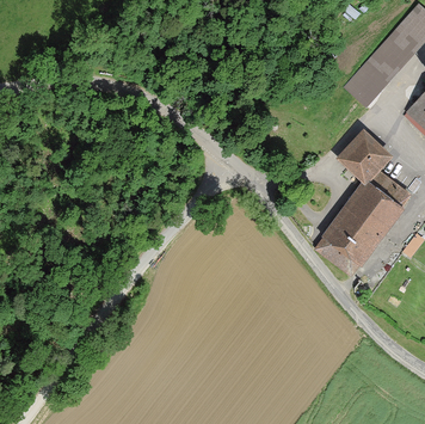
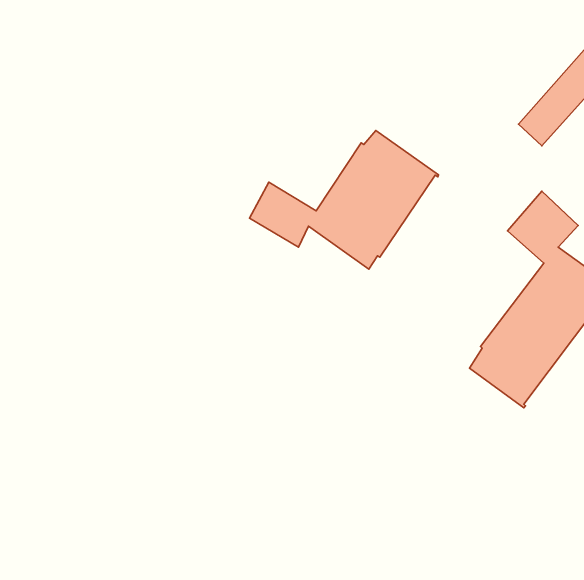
building: none -> [249,130,439,269]

